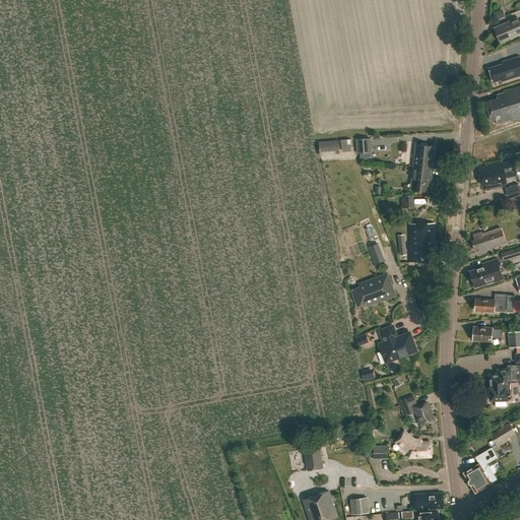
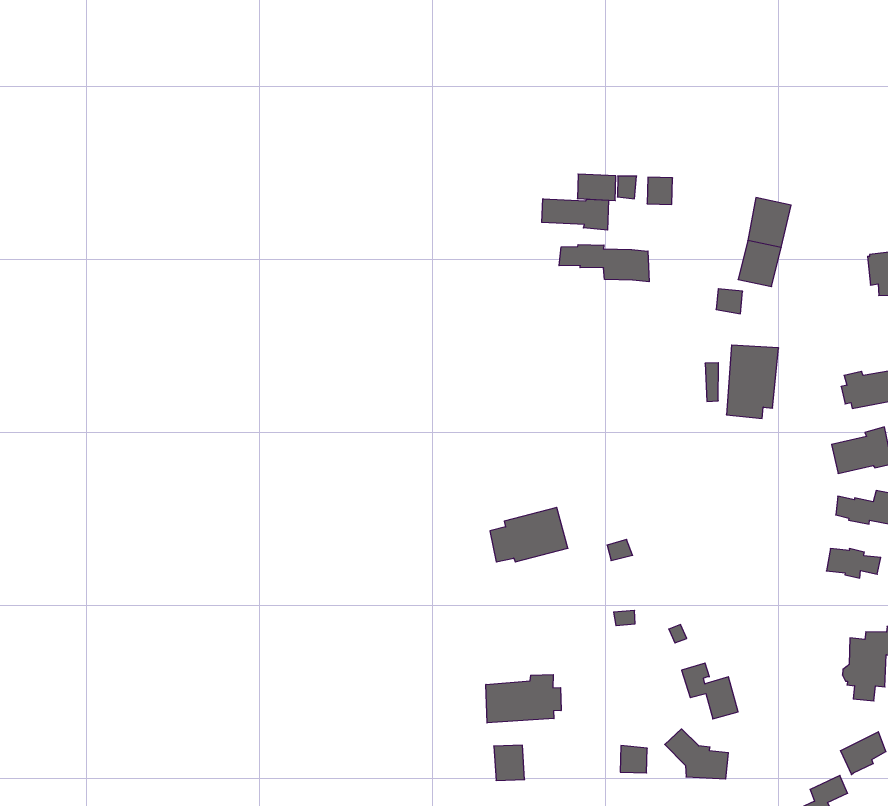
building: none -> [542,199,608,230]
building: none -> [559,245,649,282]
building: [352,274,395,307] -> [490,507,568,562]
building: [380,326,416,362] -> none
building: none -> [486,675,561,723]

